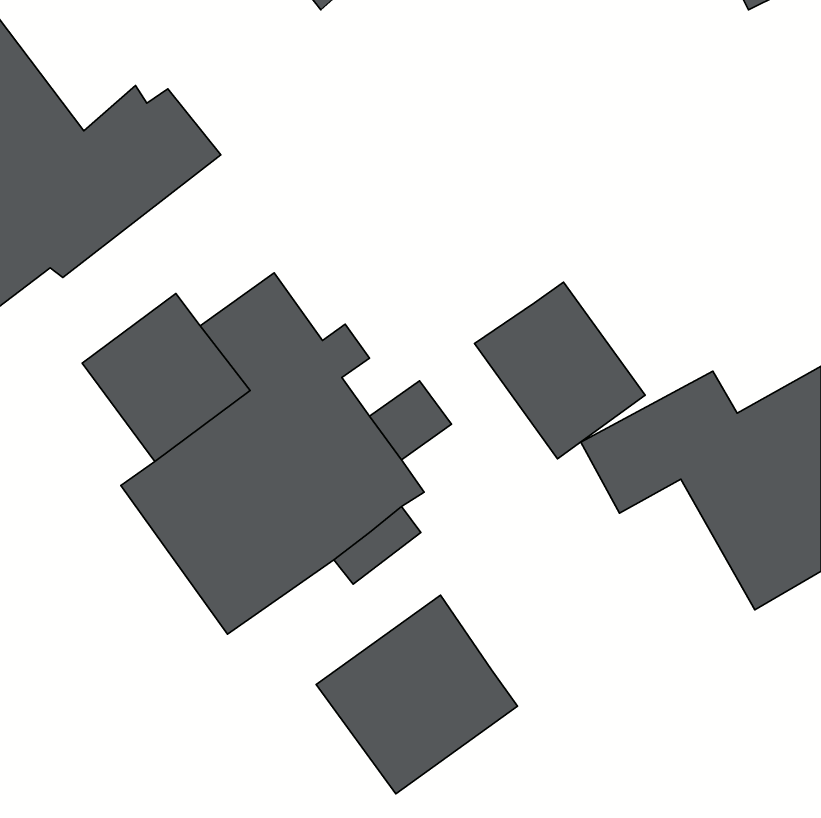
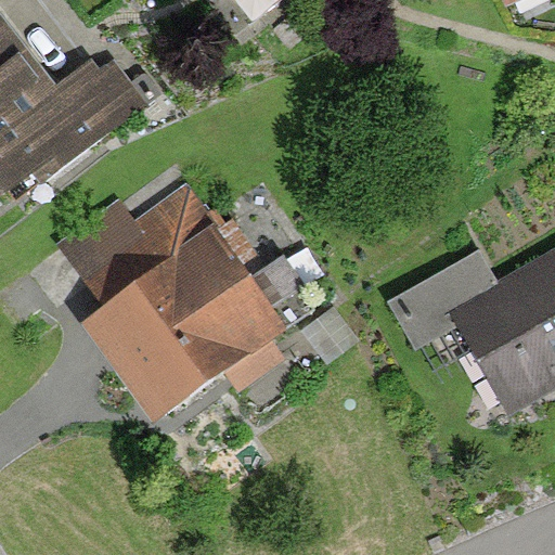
building: [475,282,645,459] -> none
building: [316,595,518,794] -> none

